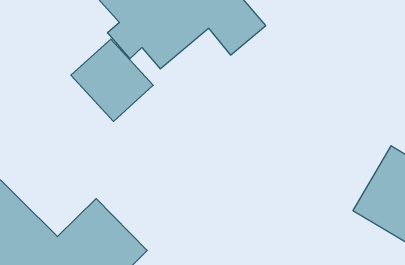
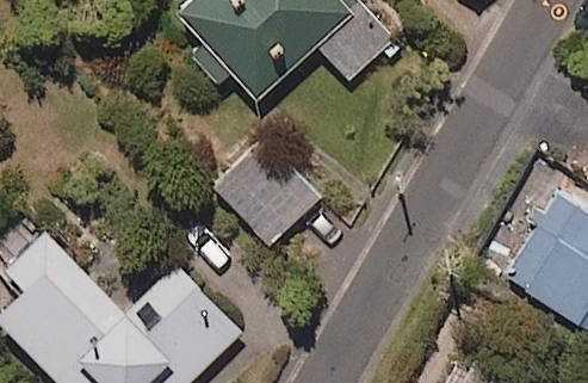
building: [71,39,153,121] -> [215,138,321,245]

